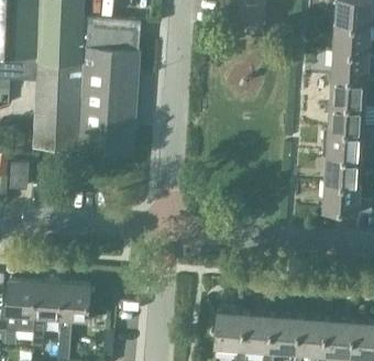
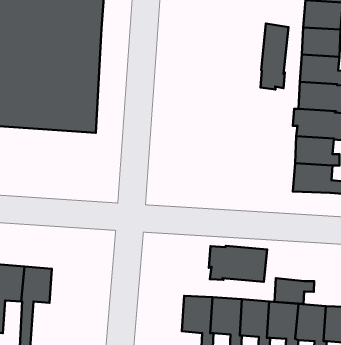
building: none -> [260,24,288,89]
building: none -> [209,246,267,282]
building: none -> [275,278,314,304]

